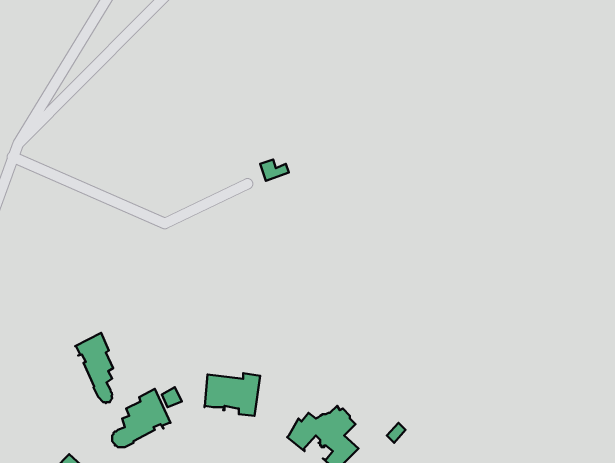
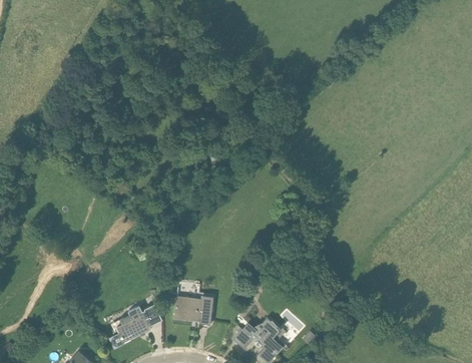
building: [75,333,113,403] -> none

